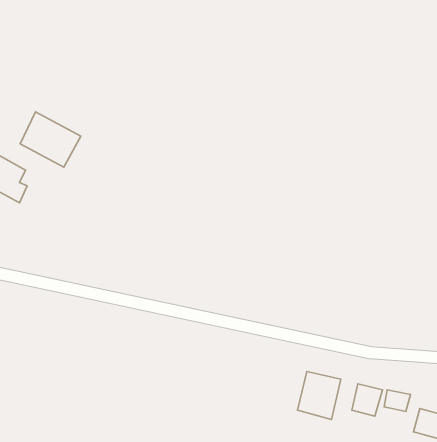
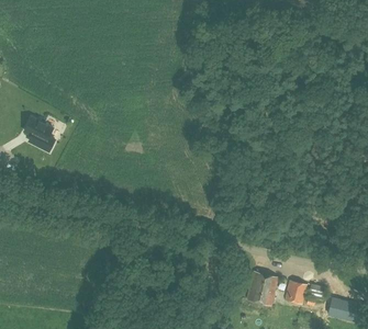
building: [20,112,81,167] -> none

